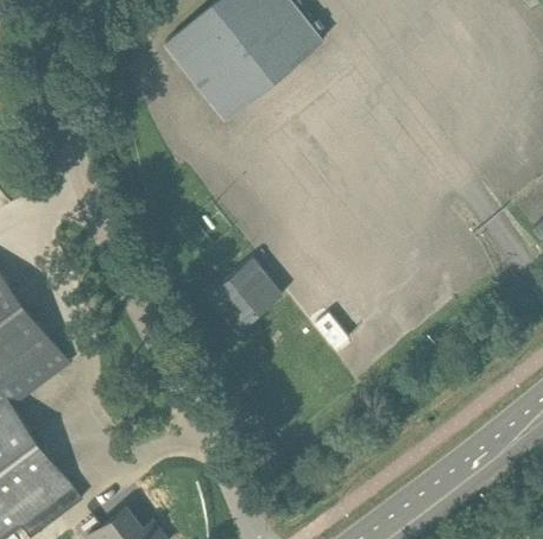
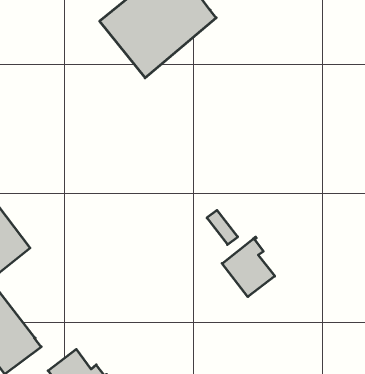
building: [204,256,282,330] -> none
building: none -> [222,237,275,297]

